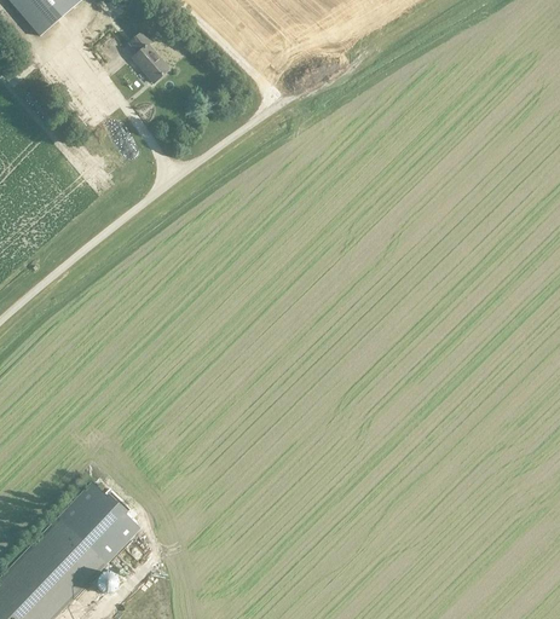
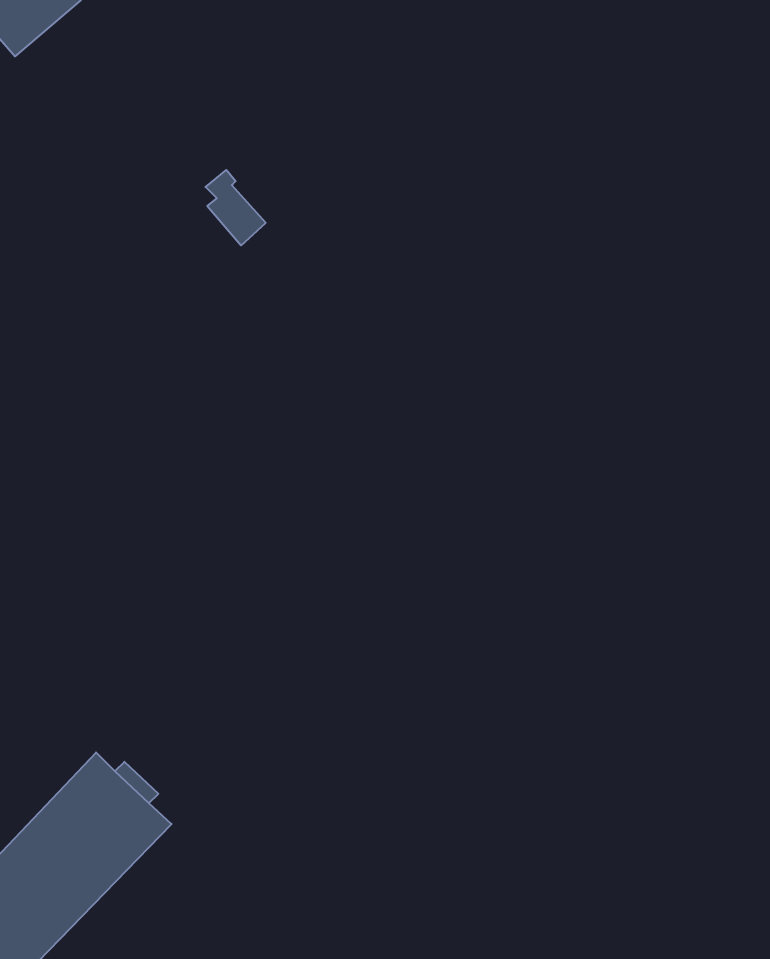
building: [131,36,169,85] -> [205,170,266,245]

